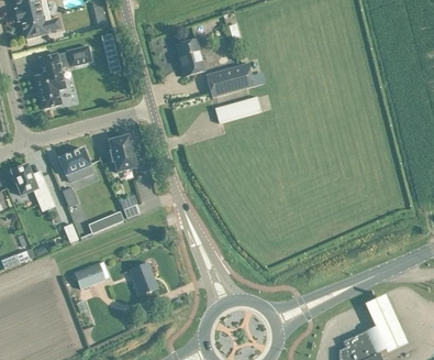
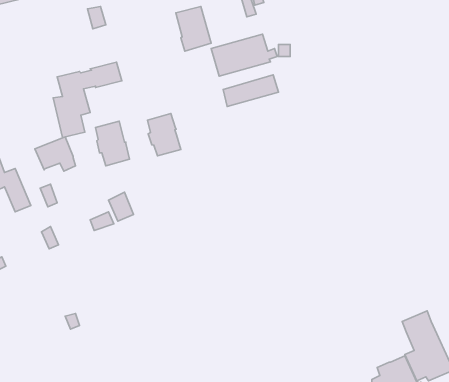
building: [35,45,92,108] -> [53,62,122,137]
building: none -> [147,114,181,156]
building: [75,262,105,288] -> none
building: [130,262,158,294] -> none

